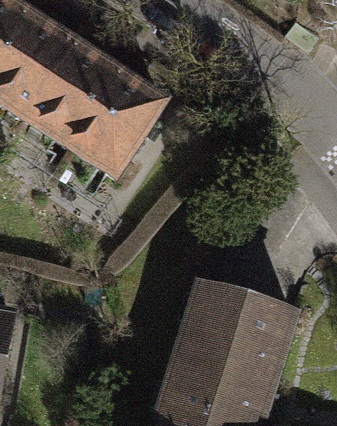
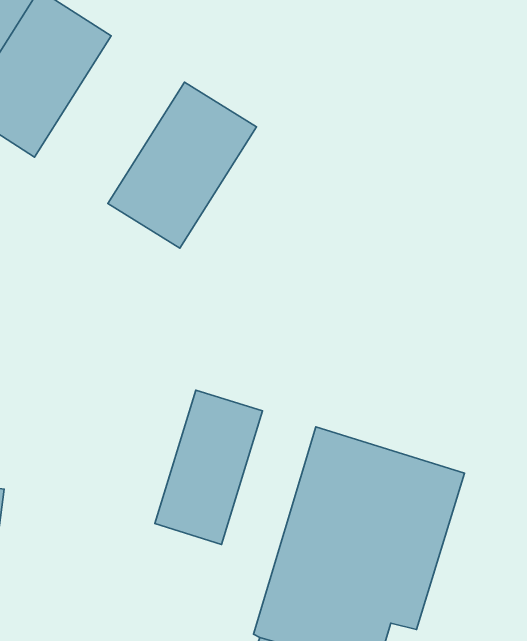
building: [26,36,120,141] -> none
building: none -> [155,390,262,544]

